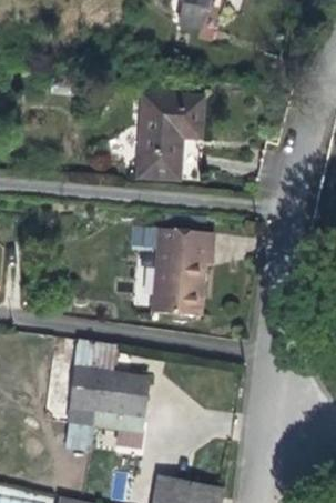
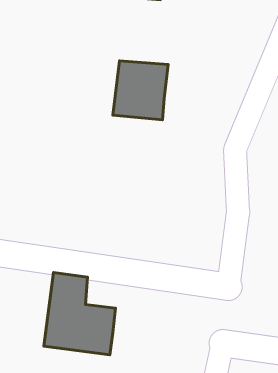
building: [149,241,217,319] -> none

